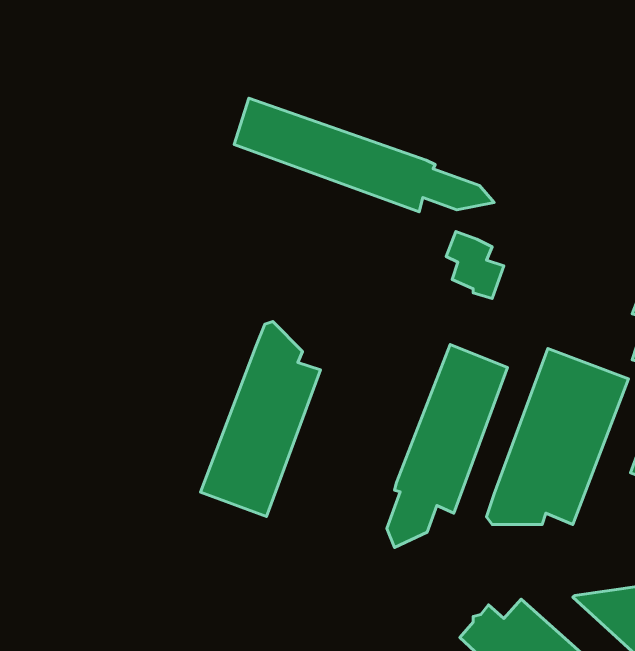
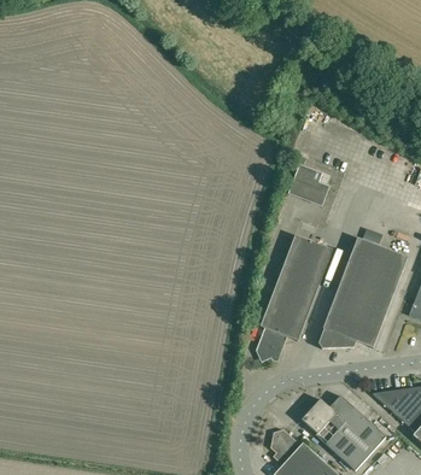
building: [234,98,494,212] -> none
building: [201,322,321,517] -> none

